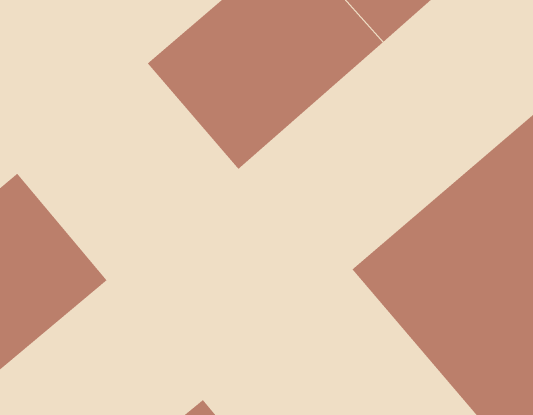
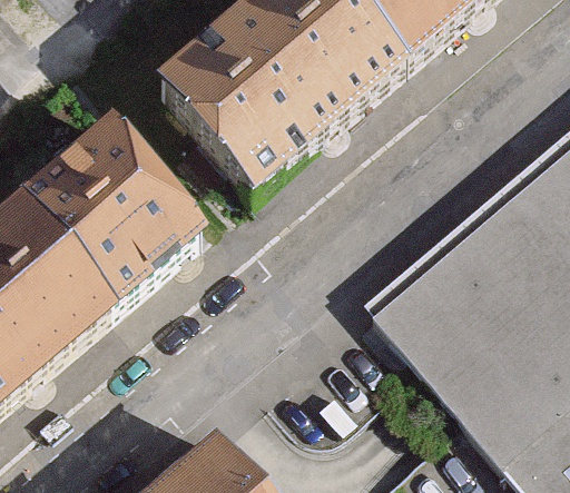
building: none -> [19,130,199,315]

